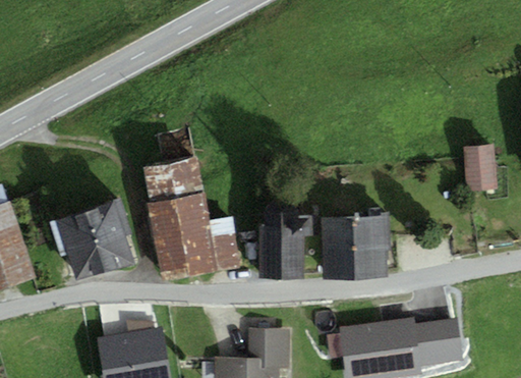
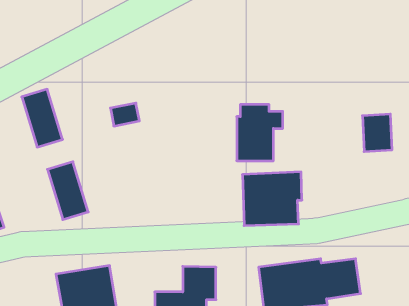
building: [143,159,241,282] -> none
building: [257,210,312,277] -> [237,105,283,161]
building: [56,212,105,281] -> [22,89,63,147]

